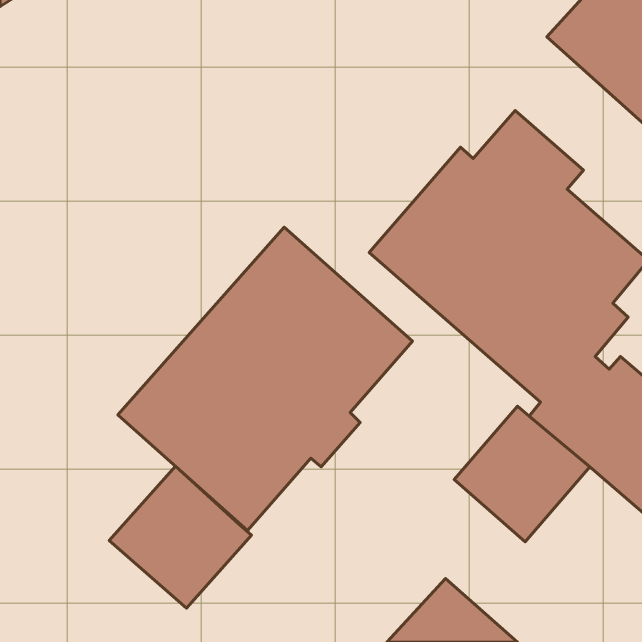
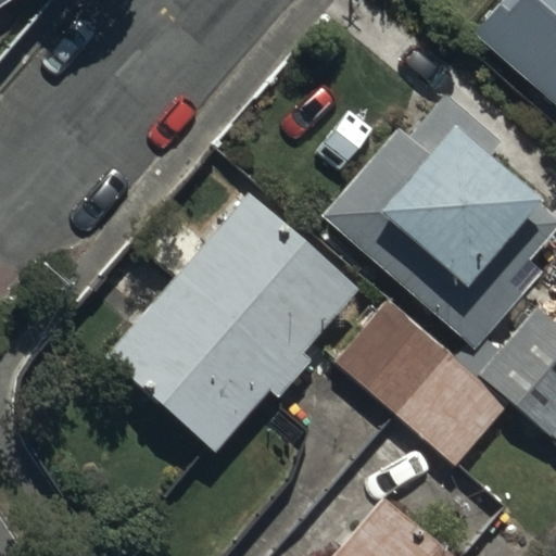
building: none -> [333,295,448,410]
building: [109,466,252,608] -> none

